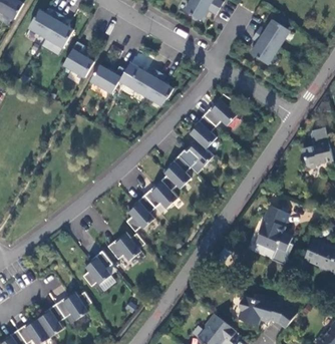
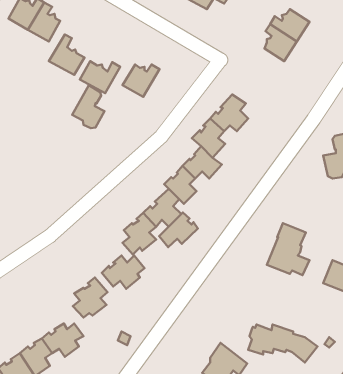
building: [145,72,174,105] -> none
building: none -> [72,85,105,128]
building: none -> [159,213,198,247]

